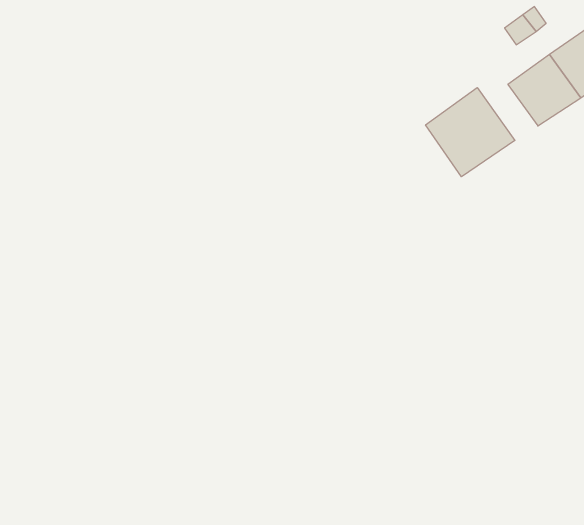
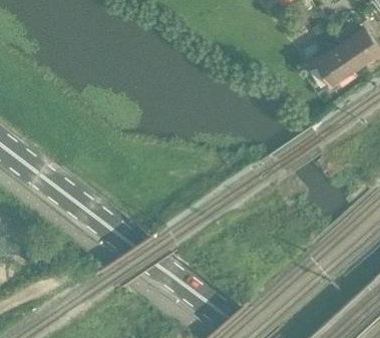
building: [426,88,515,177] -> none

